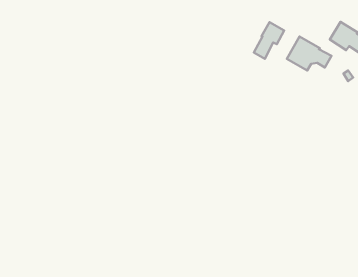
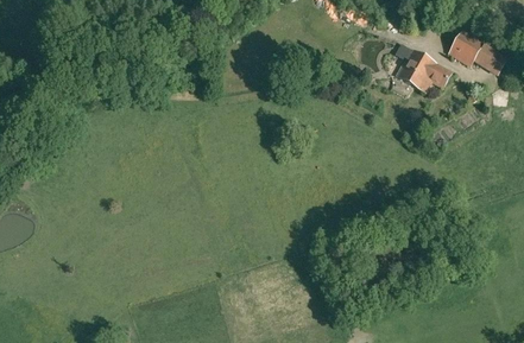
building: [254,22,284,59] -> none

